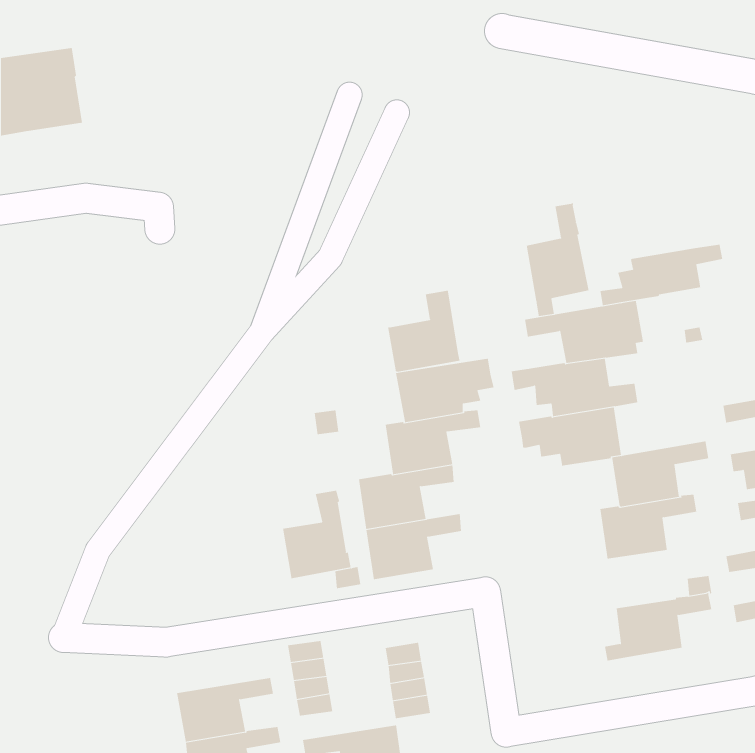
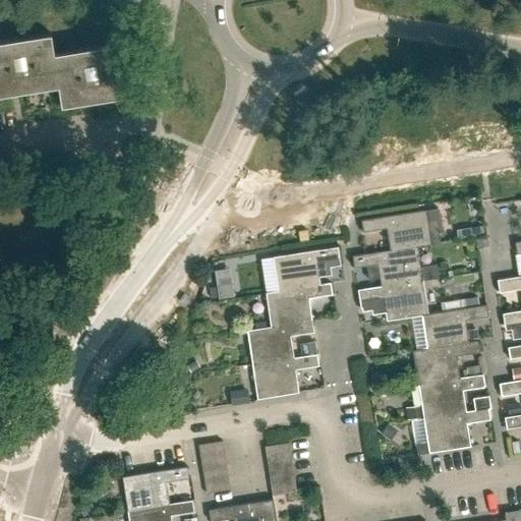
building: none -> [53,44,129,107]
building: [526,202,589,317] -> none
building: [600,244,723,306] -> none
building: [388,290,460,372] -> none
building: [282,490,351,579] -> none
building: none -> [418,377,485,420]

